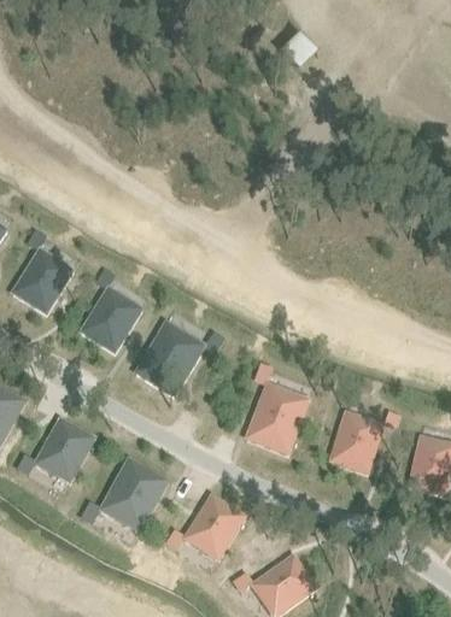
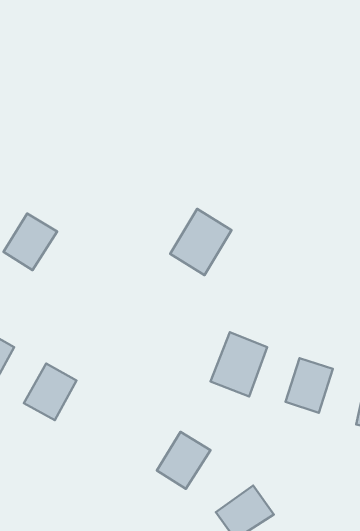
building: [81,287,141,352] -> none
building: [135,321,204,395] -> [170,209,231,275]
building: [100,457,168,530] -> none

